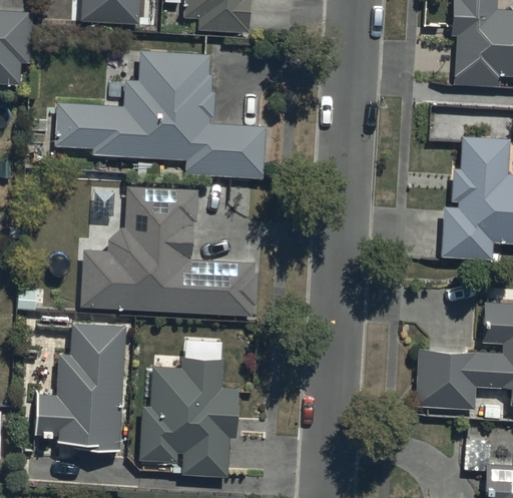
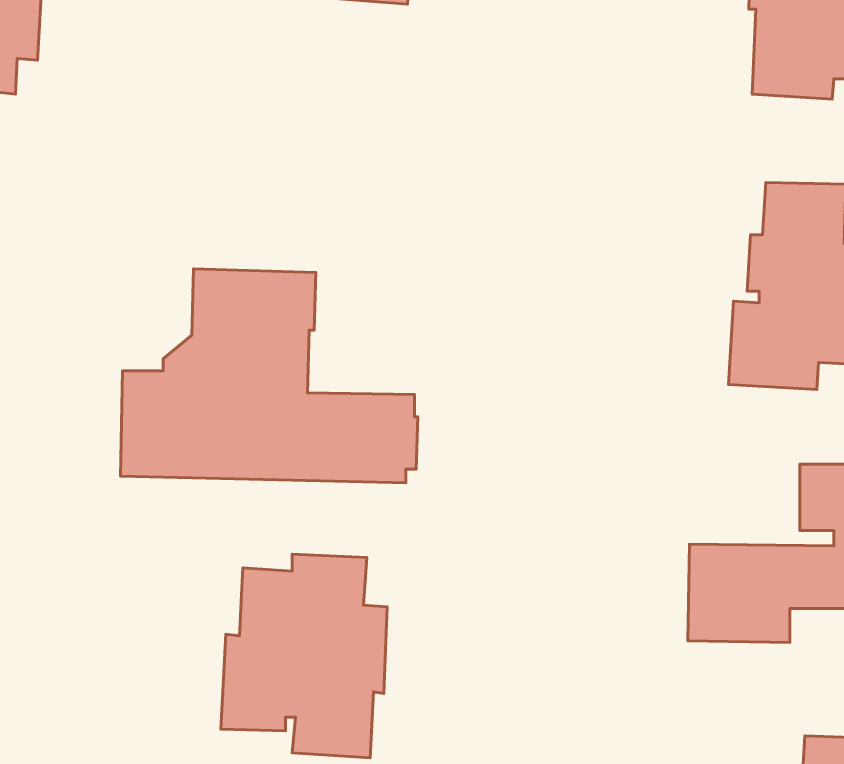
building: [54,51,271,181] -> none
building: [36,325,123,451] -> none

